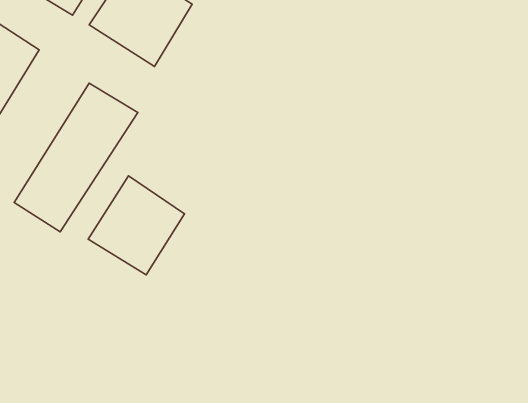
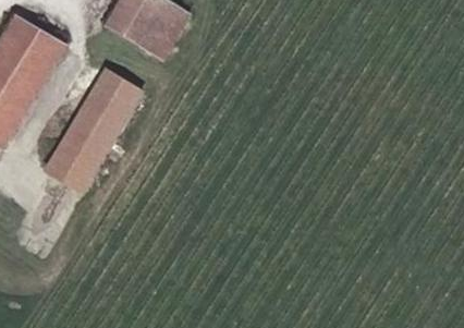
building: [88,176,185,275] -> none

